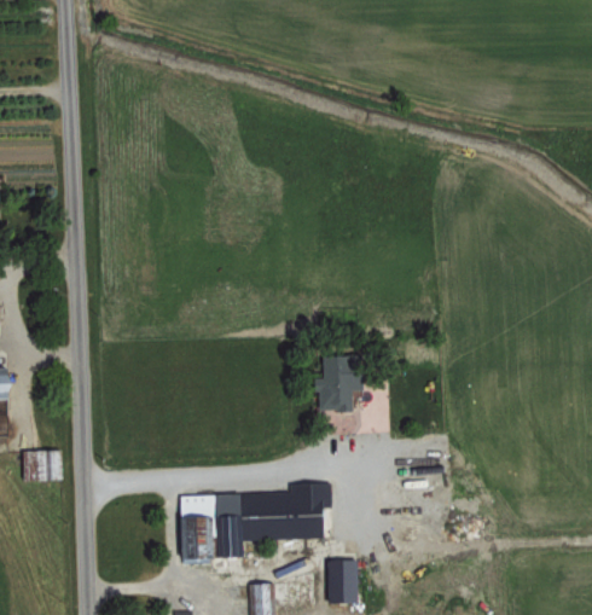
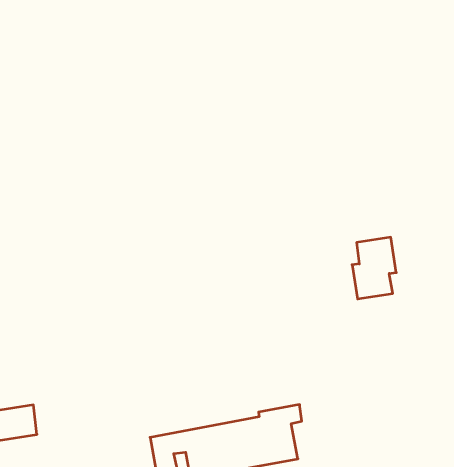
building: [314,355,358,413] -> [352,237,396,299]

